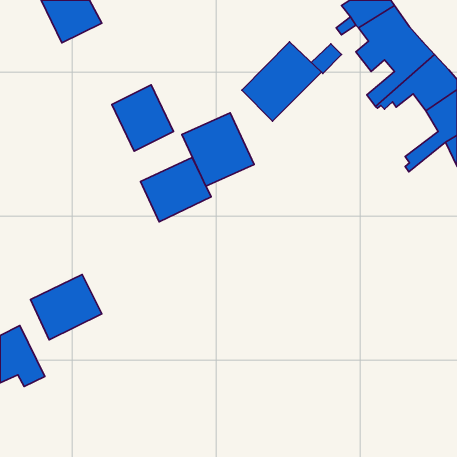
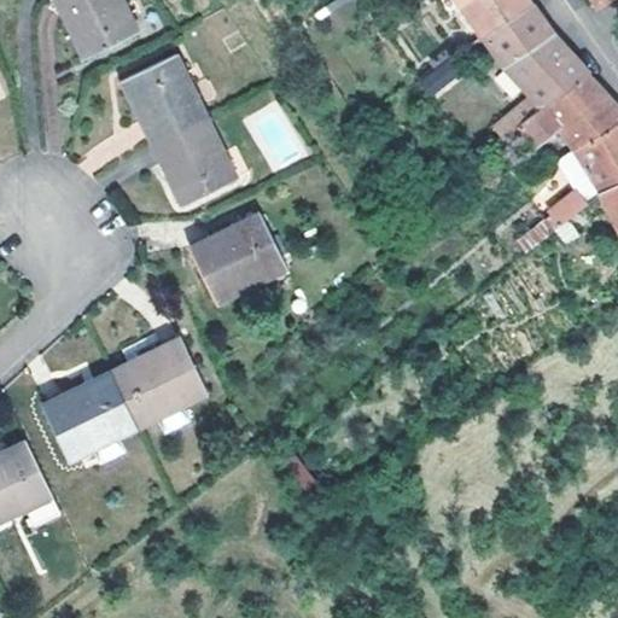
building: none -> [119,53,204,141]
building: [242,42,321,121] -> none
building: [182,113,254,186] -> none
building: none -> [111,336,206,424]

